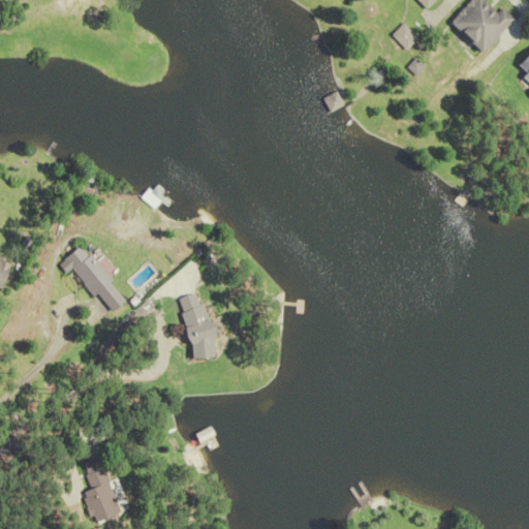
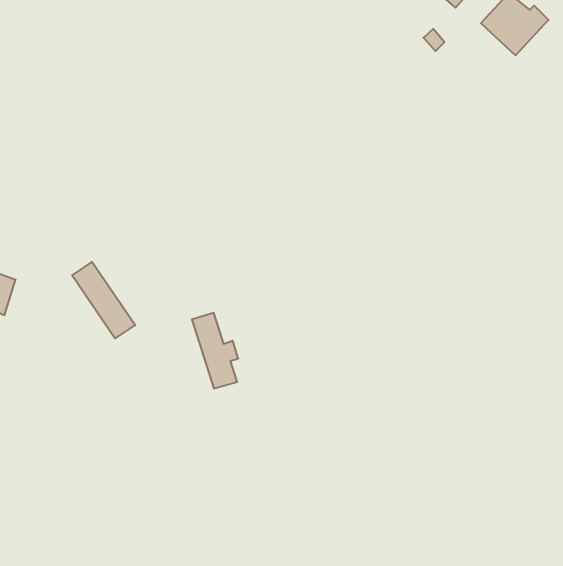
building: [81,456,118,523] -> none

